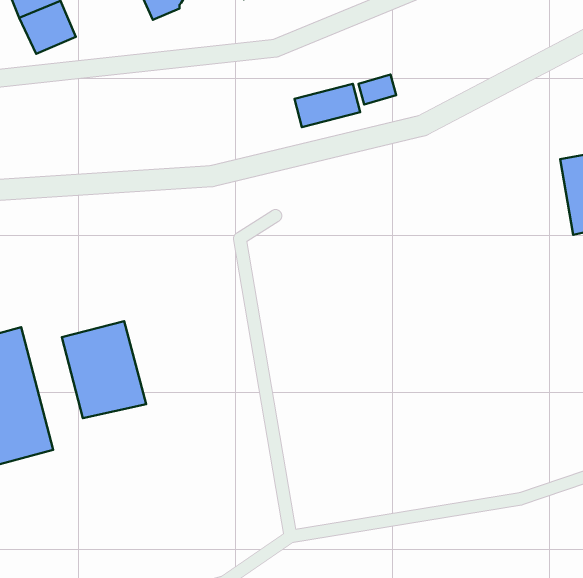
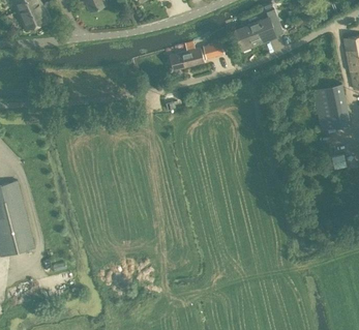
building: none -> [234,17,275,50]
building: [62,321,146,418] -> none

